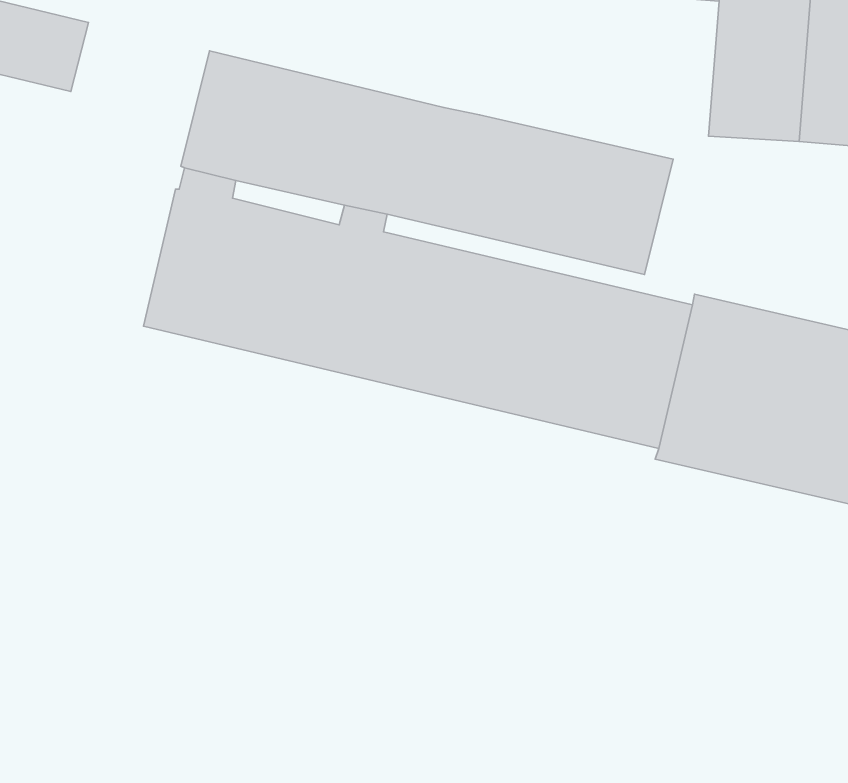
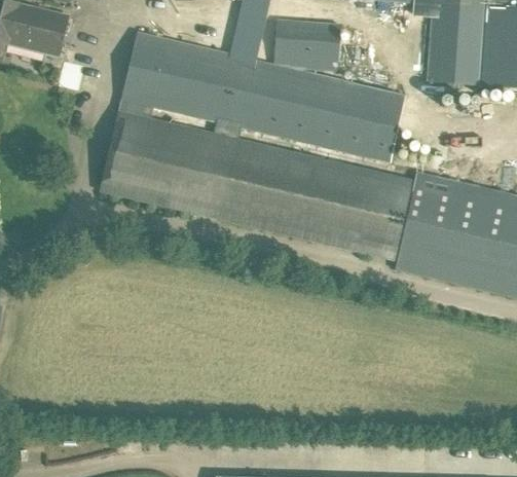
building: none -> [273,19,339,70]

